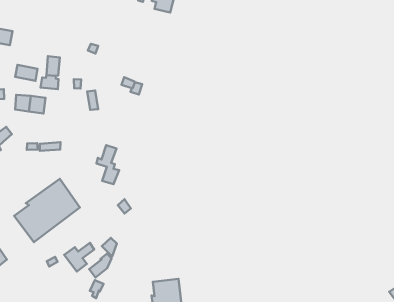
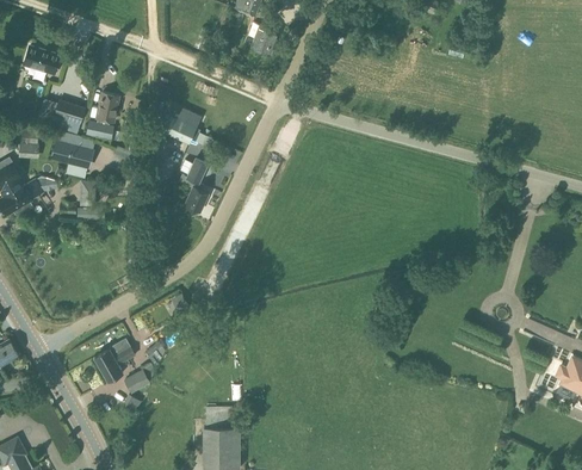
building: none -> [160,112,197,142]
building: [97,145,119,184] -> [180,157,209,210]
building: [14,179,80,242] -> none

